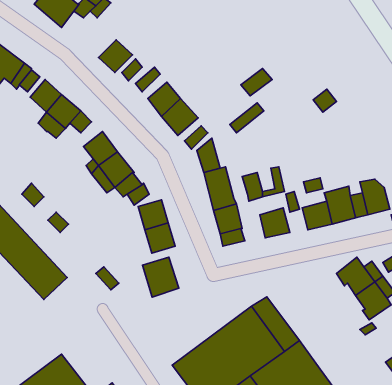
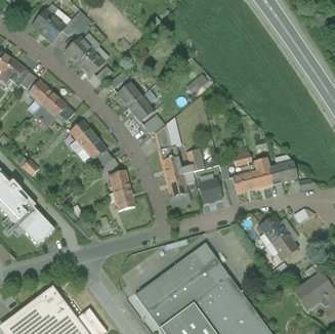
building: none -> [67,35,94,64]
building: [143,257,179,297] -> none

